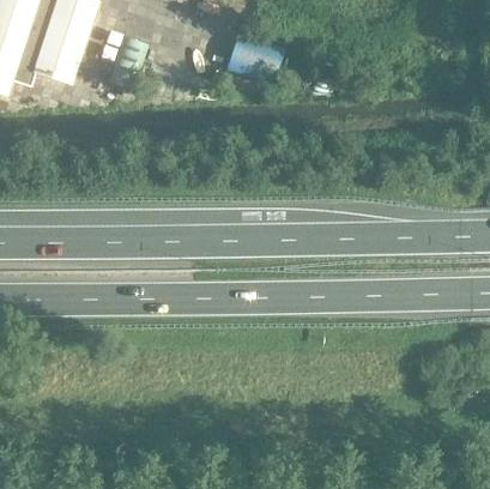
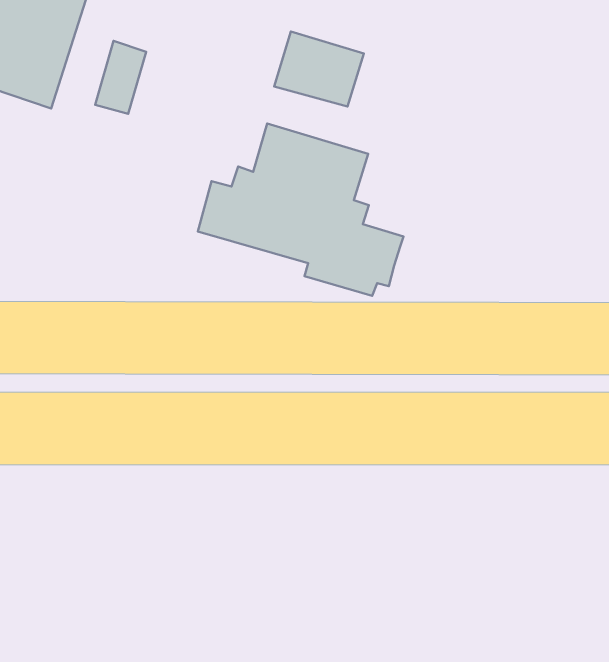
building: none -> [198,123,403,296]

